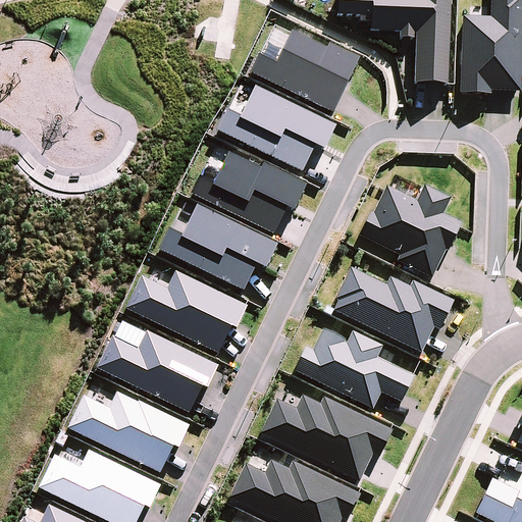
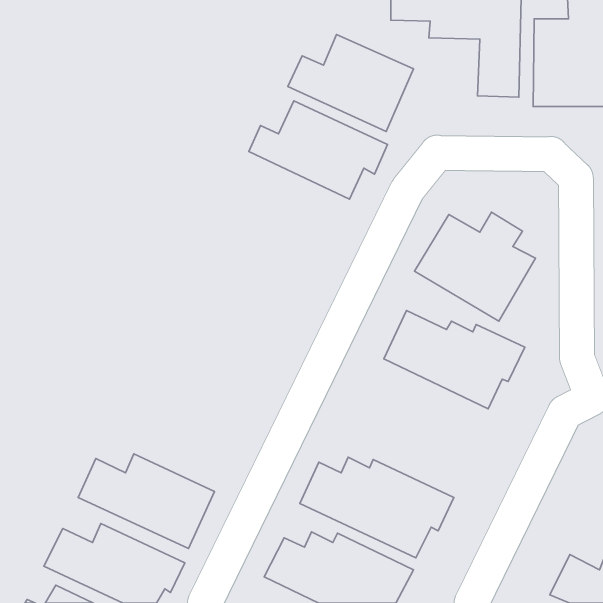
building: [159,149,304,290] -> none
building: [127,270,245,353] -> none
building: [295,327,413,408] -> none
building: [98,329,219,411] -> none

